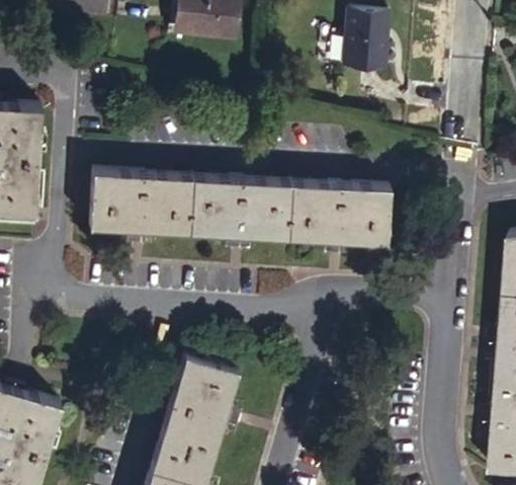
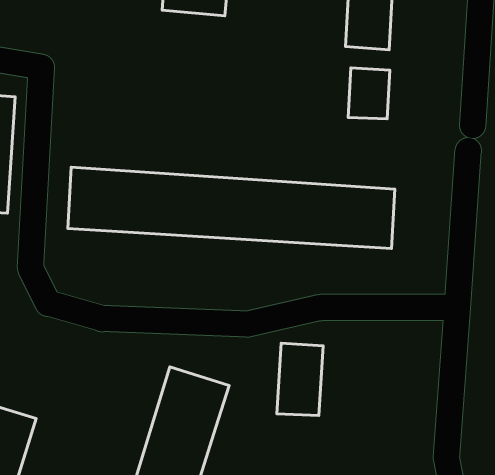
building: none -> [348,68,390,119]
building: none -> [277,343,323,415]

